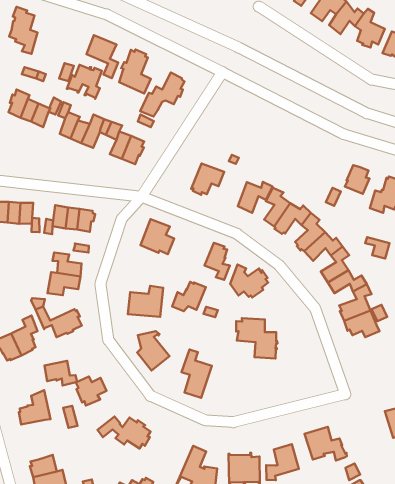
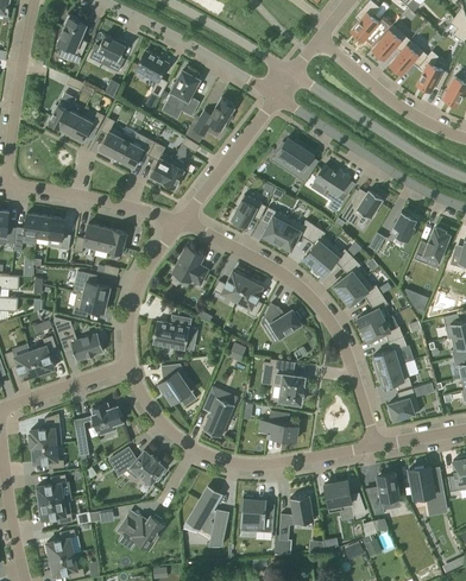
building: [67,65,102,99] -> [89,34,127,71]
building: none -> [275,138,316,182]
building: none -> [315,165,350,213]
building: none -> [341,189,383,225]
building: none -> [260,207,289,244]
building: [172,282,206,311] -> [212,271,248,301]
building: none -> [388,389,420,421]
building: [45,361,77,385] -> [32,444,64,469]
building: none -> [266,410,297,442]
building: none -> [365,472,398,514]

